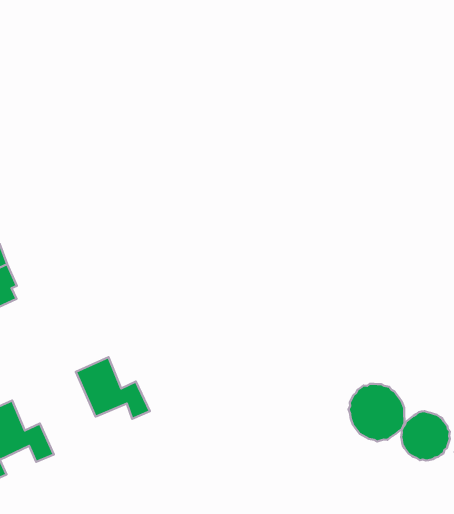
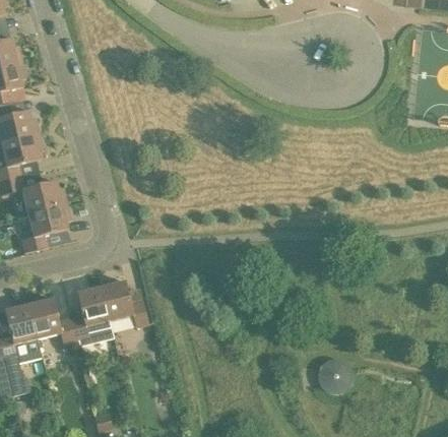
building: none -> [69,286,114,344]
building: [349,384,405,442] -> none

